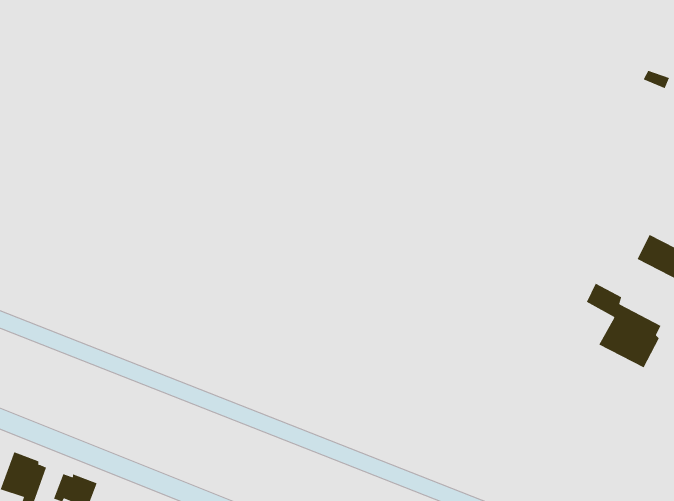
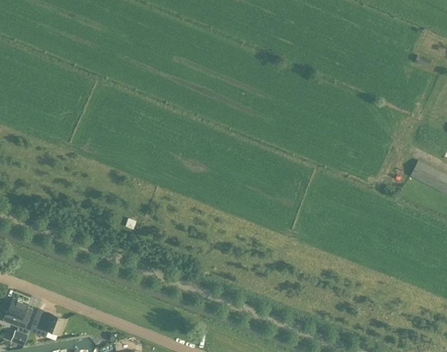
building: [586,283,661,368] -> none

